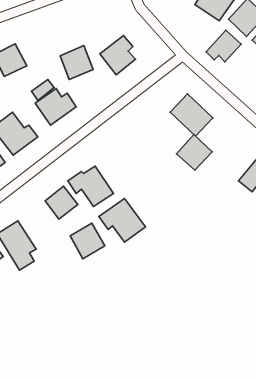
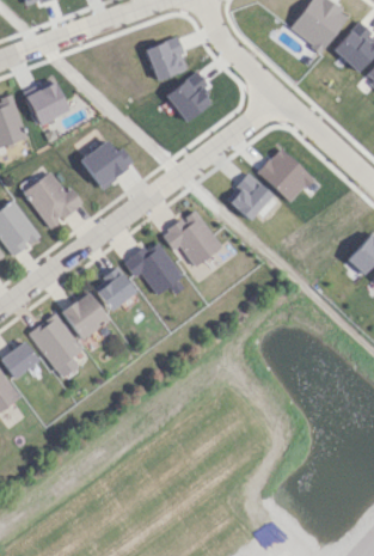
building: [206,30,241,62] -> none
building: [60,46,93,79] -> [145,37,188,81]
building: [177,134,212,170] -> [226,173,272,220]
building: [99,198,145,242] -> [161,210,222,268]
building: [70,223,105,259] -> [62,293,108,340]

